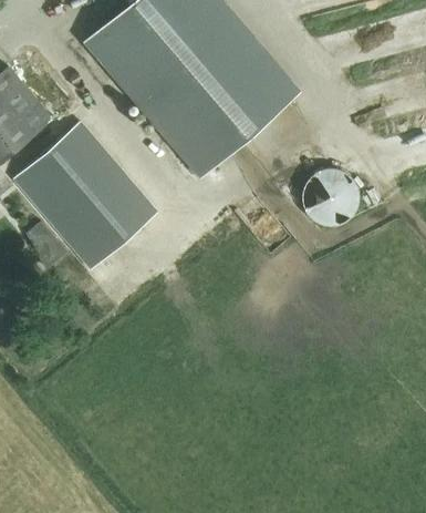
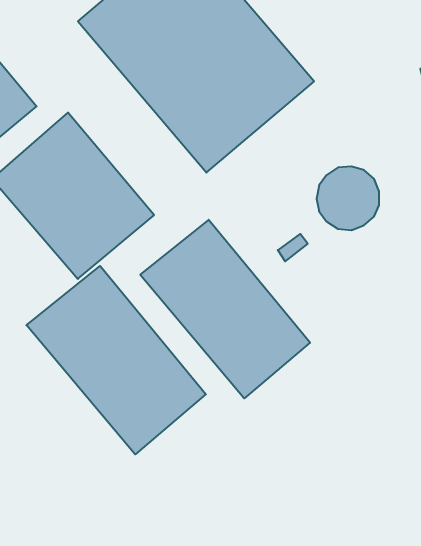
building: none -> [140,220,310,398]
building: none -> [26,266,206,454]

